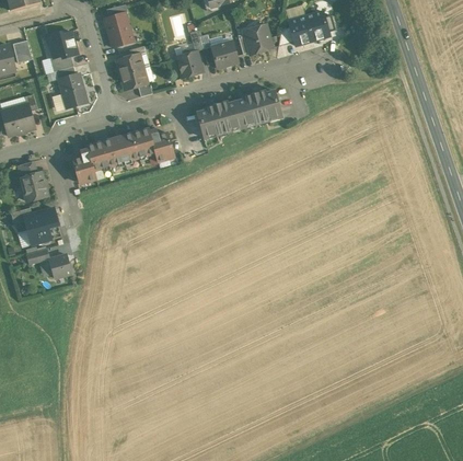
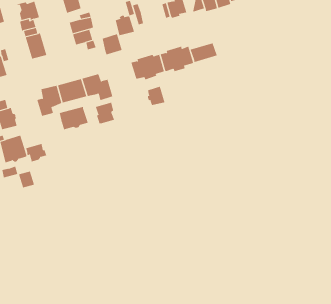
building: [211,41,239,69] -> [102,34,123,55]
building: none -> [190,42,217,63]
building: none -> [147,86,165,106]
building: none -> [95,102,115,124]
building: none -> [59,106,89,130]
building: none -> [25,143,48,163]

